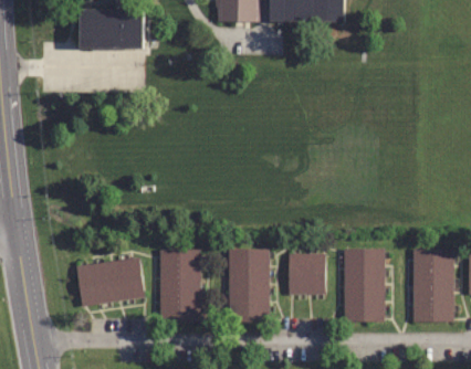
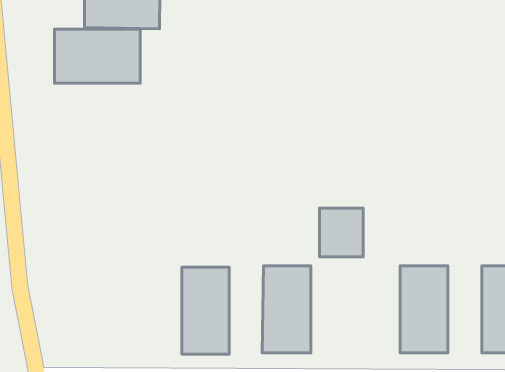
building: none -> [55,29,140,83]
building: [289,253,325,294] -> [320,208,363,257]
building: [76,259,145,307] -> none

